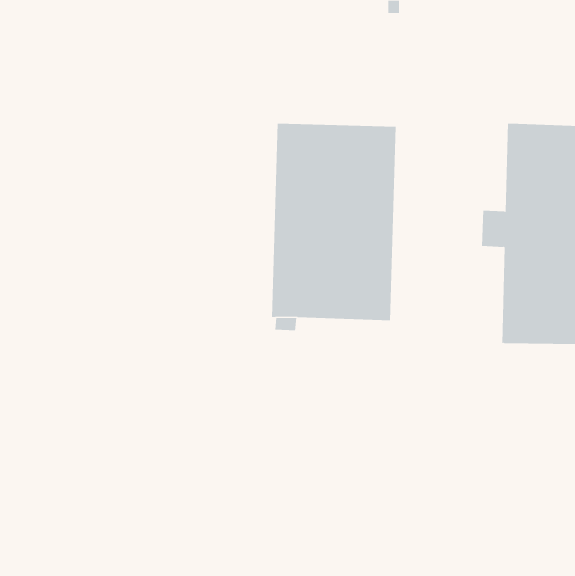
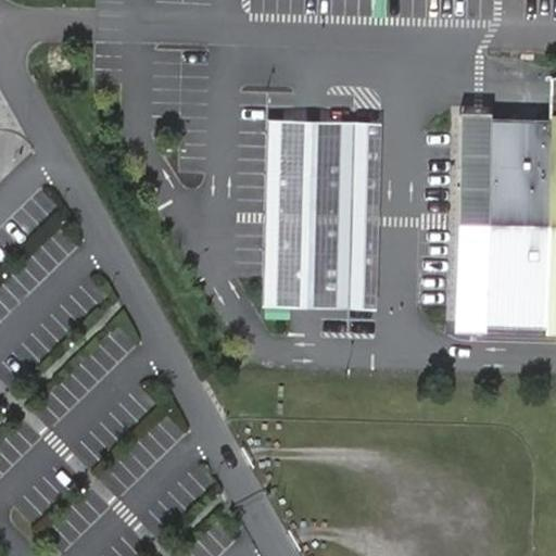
building: none -> [455,111,493,340]

